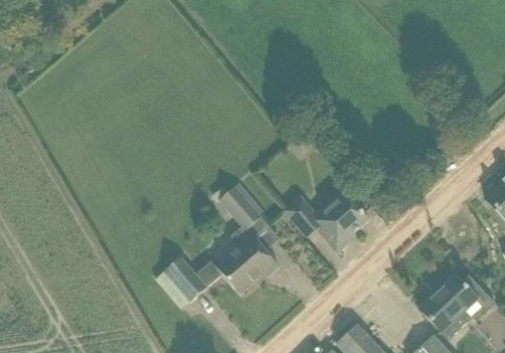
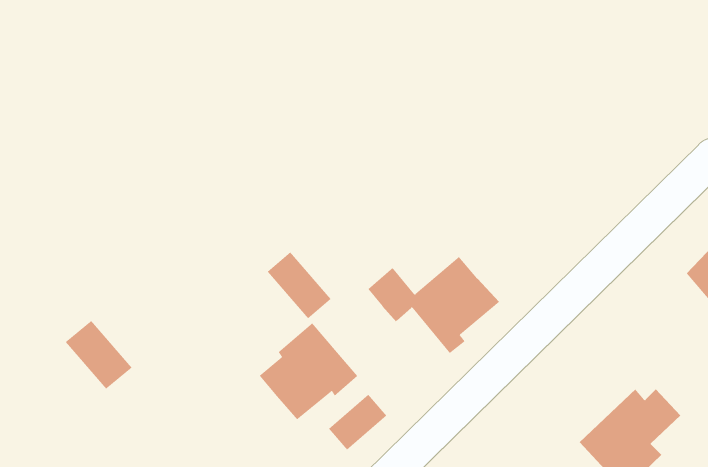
building: [164,257,207,302] -> [65,320,133,389]
building: none -> [328,394,387,450]

